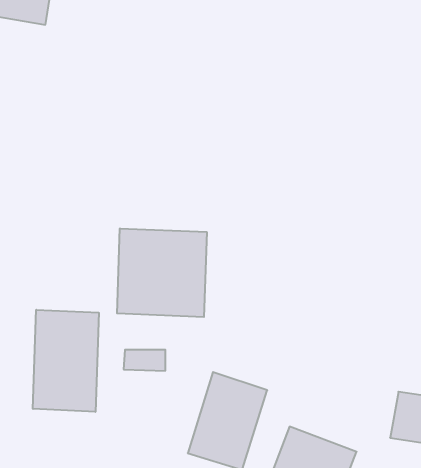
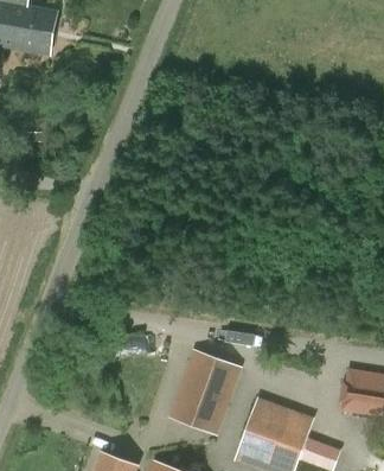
building: [117,228,207,317] -> none
building: [33,310,99,412] -> none

